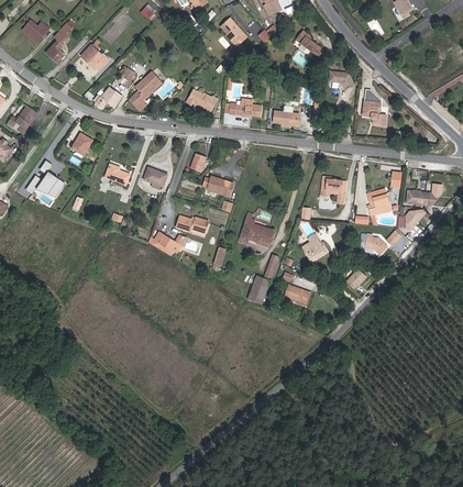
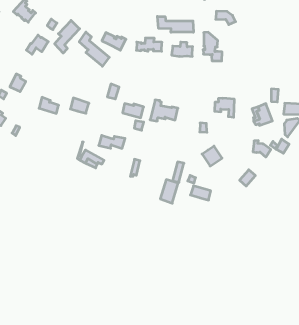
building: none -> [157,16,193,32]
building: none -> [79,32,109,66]
building: [363,88,386,124] -> [203,32,222,61]
building: [239,217,274,243] -> [150,100,178,121]

